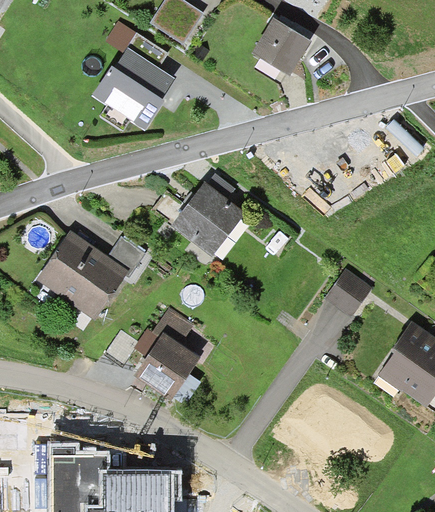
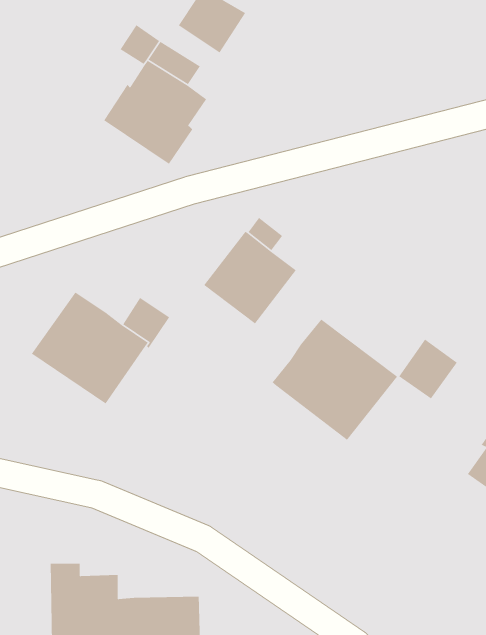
building: [252,17,311,75] -> none
building: none -> [271,318,398,441]
building: [132,307,199,400] -> none

